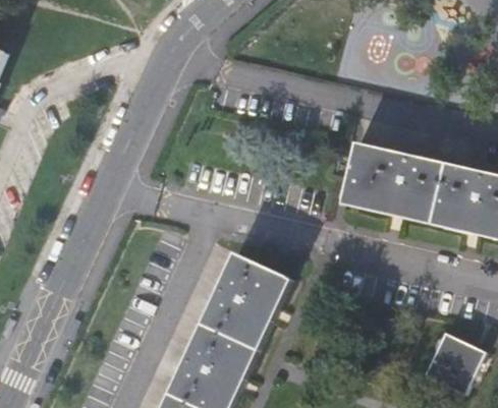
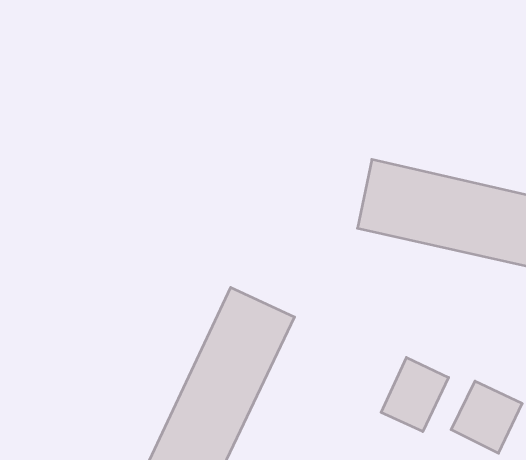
building: none -> [381,357,449,432]

